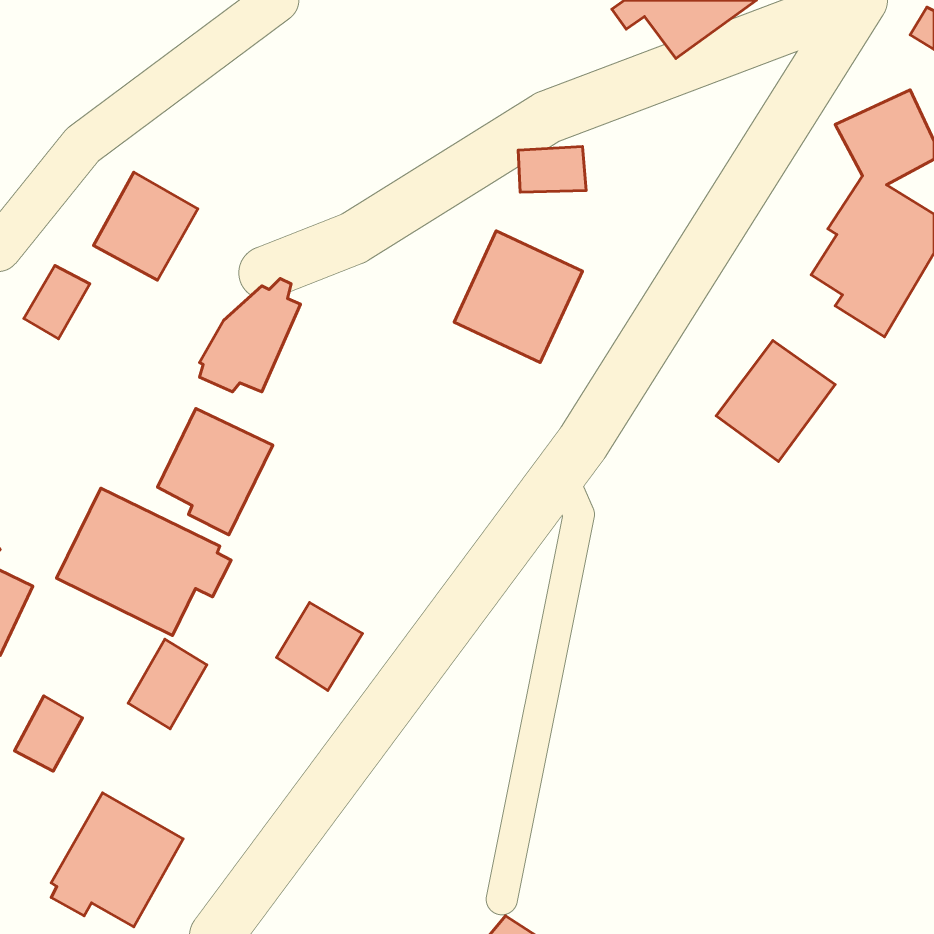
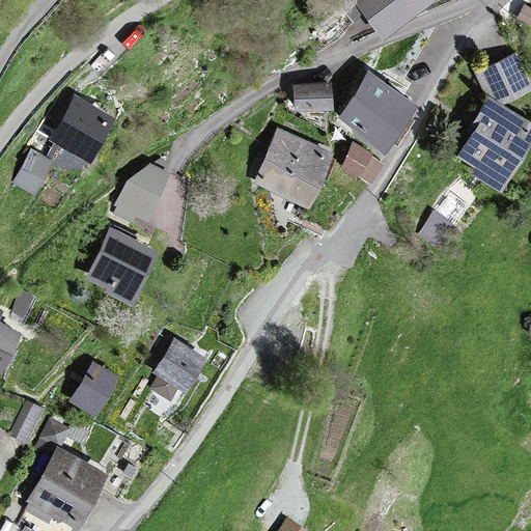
building: none -> [338,75,414,148]
building: none -> [342,143,382,185]
building: [57,488,231,635] -> none

